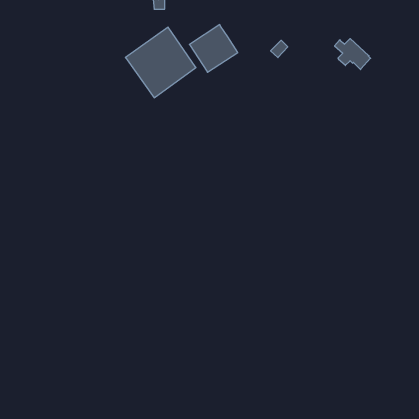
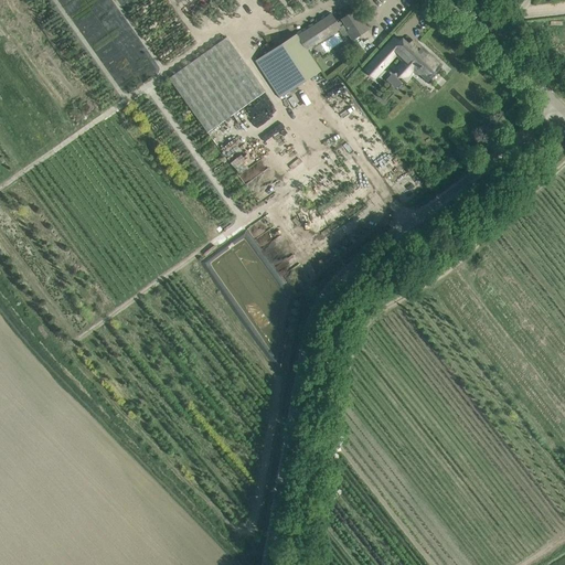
building: none -> [297,10,366,50]
building: [335,39,371,70] -> [392,40,440,82]

